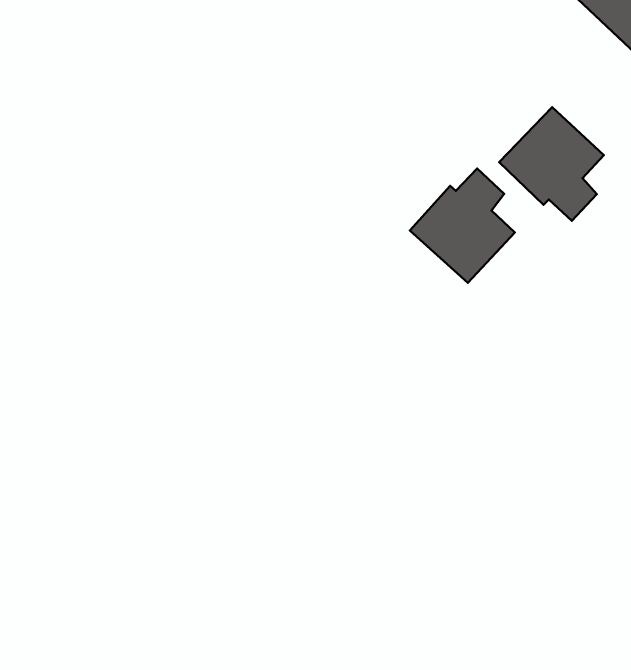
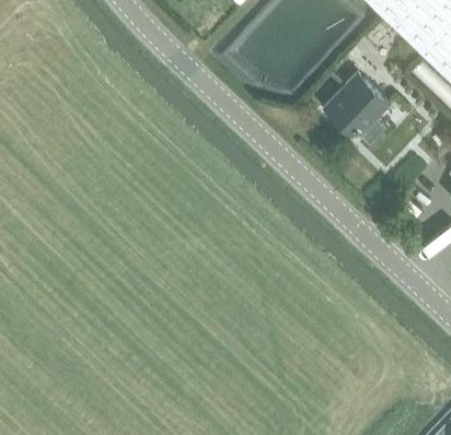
building: [410,169,515,283] -> none

